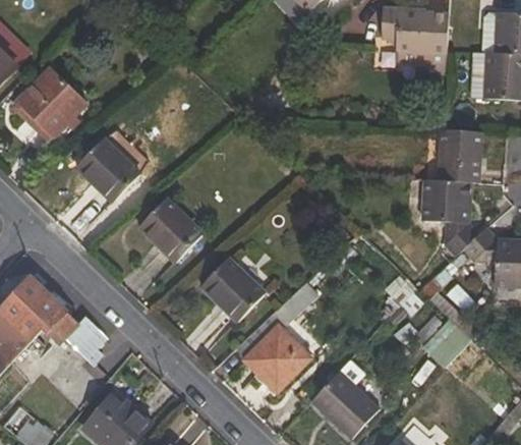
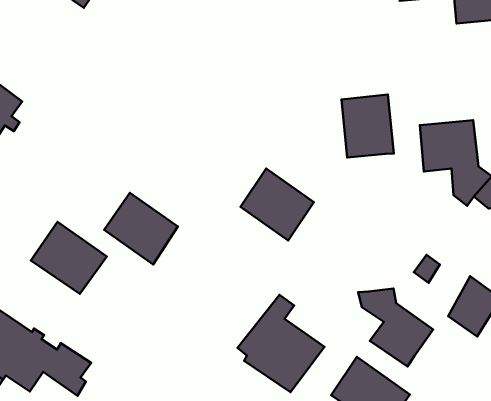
building: [439,129,482,183] -> [341,94,394,158]
building: [75,137,141,203] -> [31,222,107,294]
building: [200,257,265,322] -> [240,169,314,240]
building: none -> [358,288,433,367]

